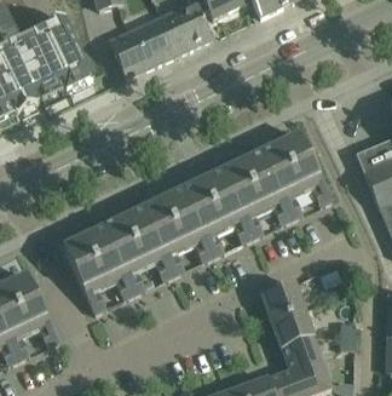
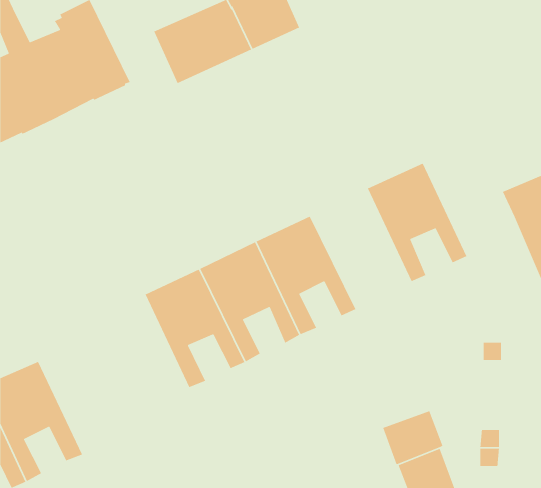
building: [220,150,292,236] -> none
building: [63,225,134,311] -> none
building: [261,281,317,320] -> none

